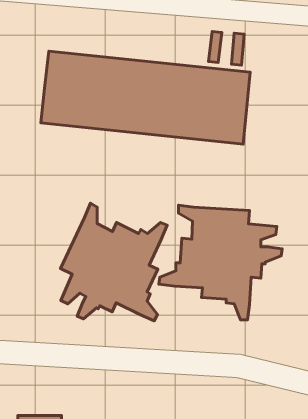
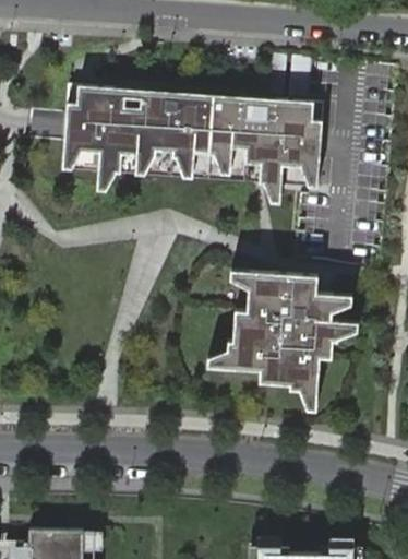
building: [61,203,167,321] -> none

